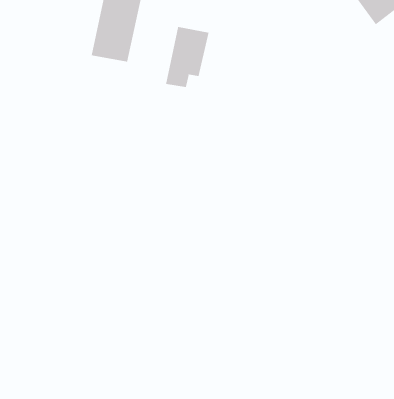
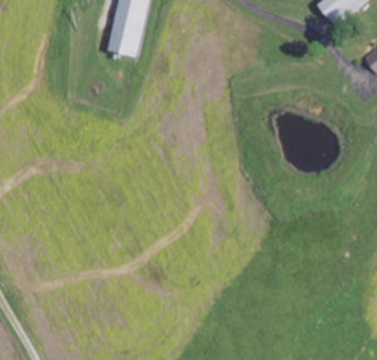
building: [165,26,209,88] -> none

